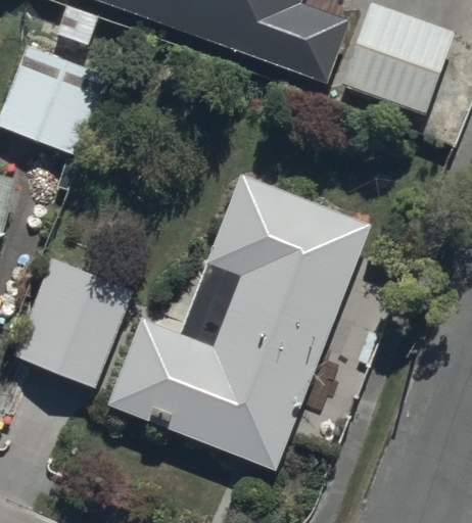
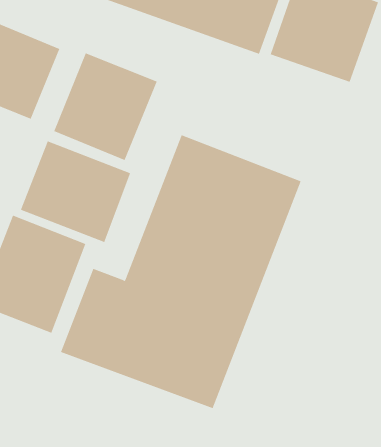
building: none -> [54,52,157,161]
building: none -> [20,141,131,243]

